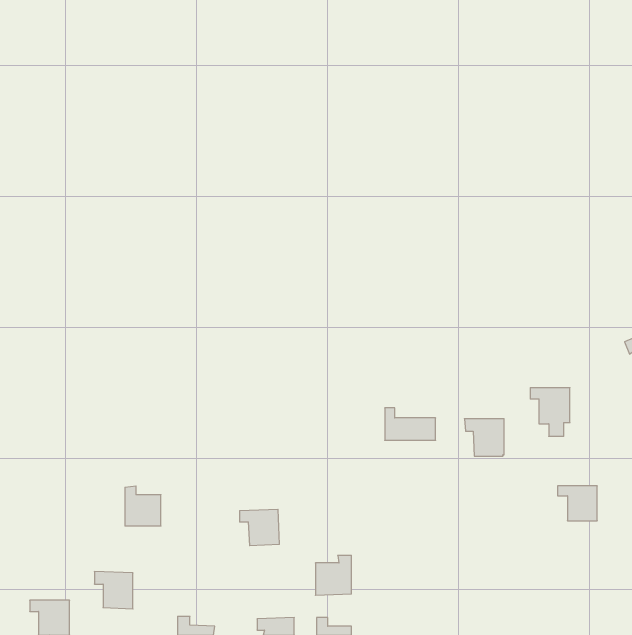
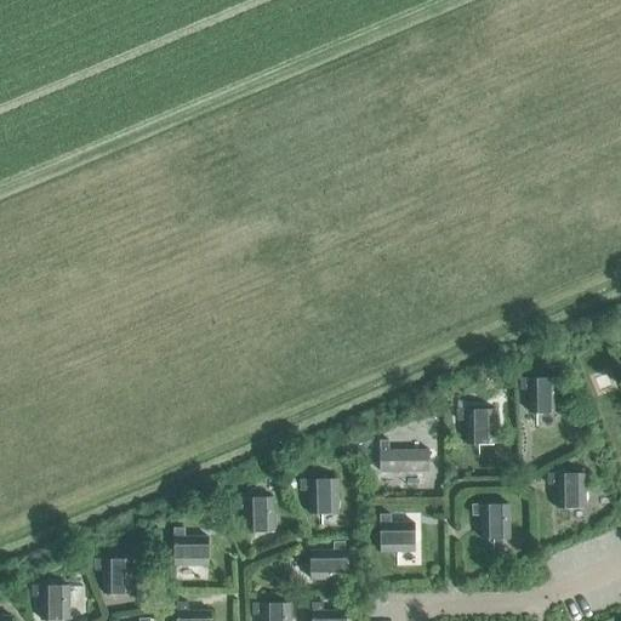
building: [385,408,436,440] -> [380,440,429,472]
building: [125,486,161,526] -> [173,528,209,566]
building: none -> [300,479,340,514]
building: none -> [472,505,511,540]
building: none -> [380,514,415,553]

